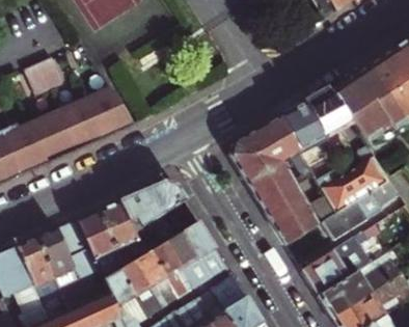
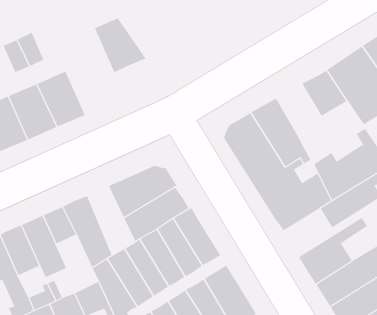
building: [81,81,131,134] -> [94,17,146,73]
building: [282,104,328,155] -> none
building: [102,201,147,268] -> none

